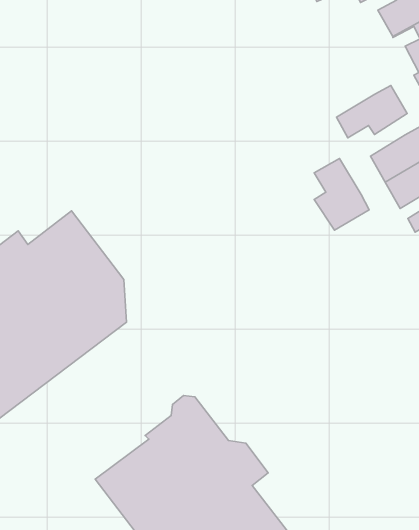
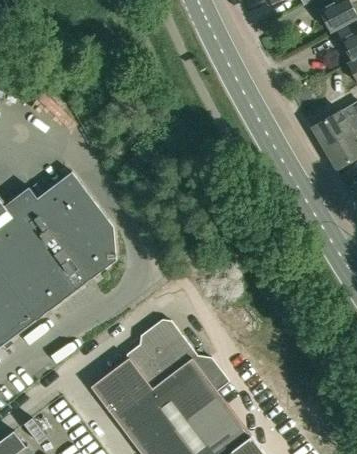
building: [336,86,407,138] -> none
building: [314,158,369,230] -> none

